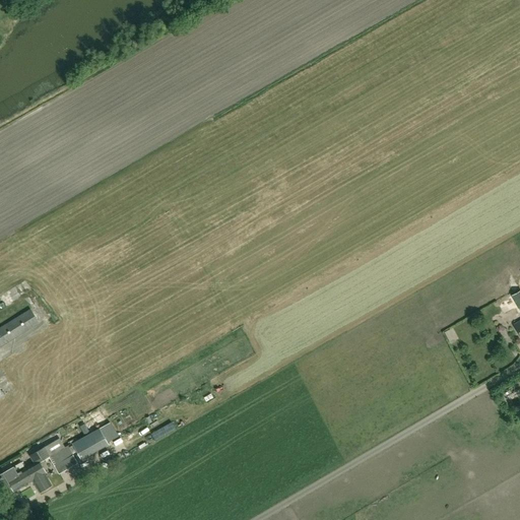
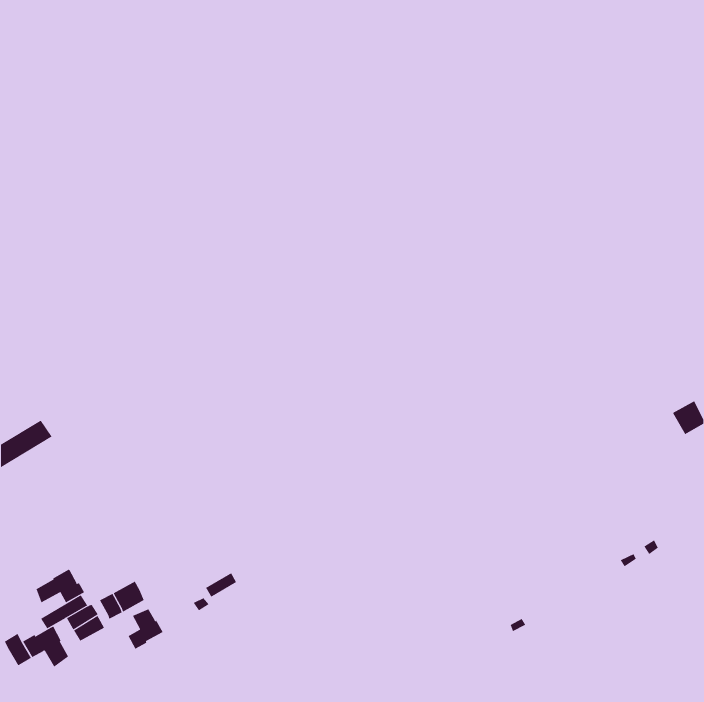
building: none -> [36,569,85,603]
building: none -> [128,608,163,650]

